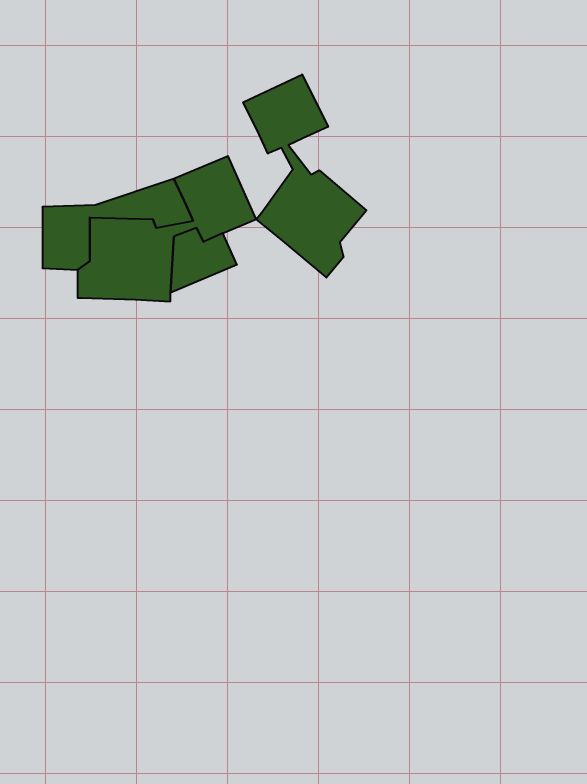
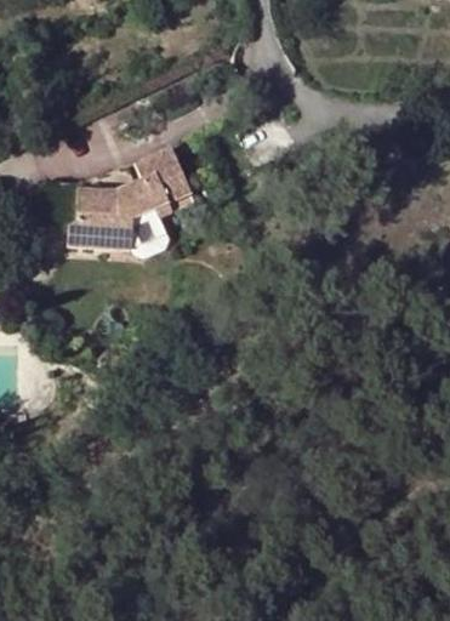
building: [243,74,366,278] -> none

